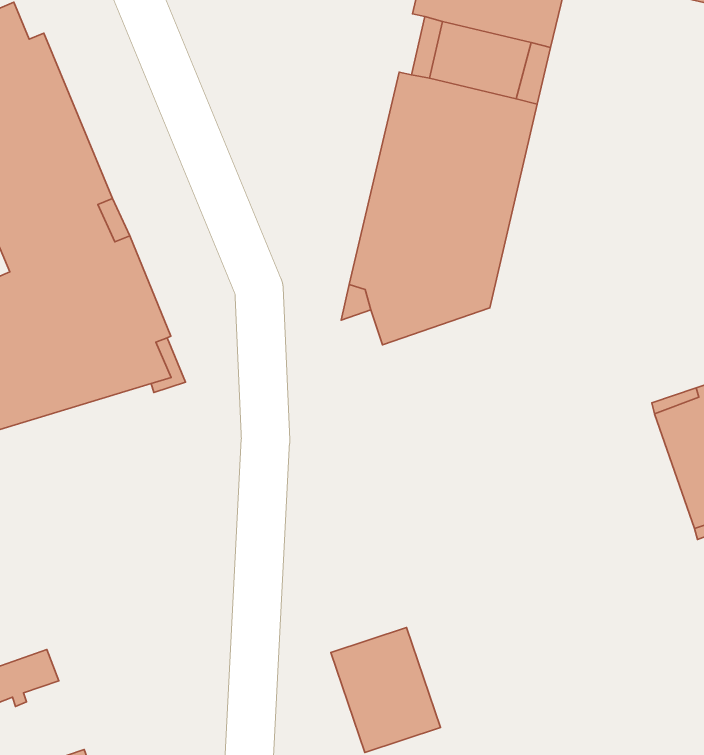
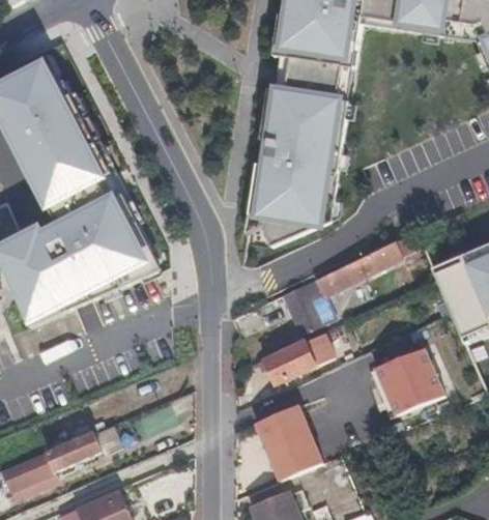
building: none -> [279,239,402,337]
building: none -> [261,334,332,385]
building: none -> [374,347,441,415]

